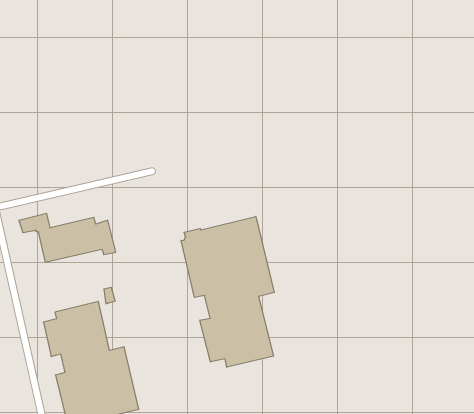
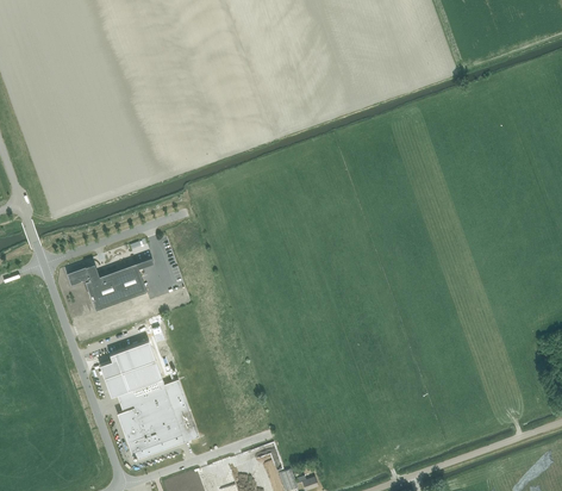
building: [181,216,274,367] -> none

